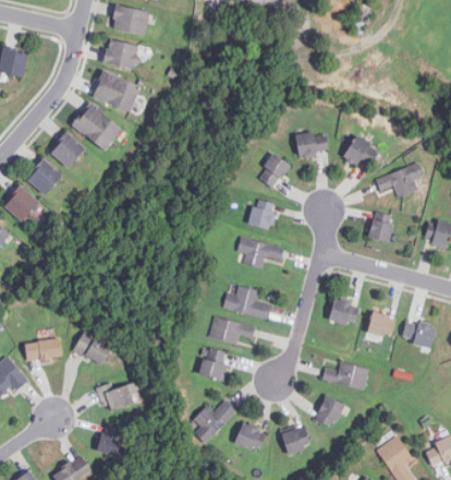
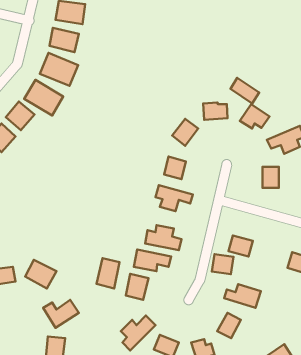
building: none -> [230,78,259,103]
building: [367,313,394,338] -> [212,254,233,274]
building: none -> [96,258,120,288]

